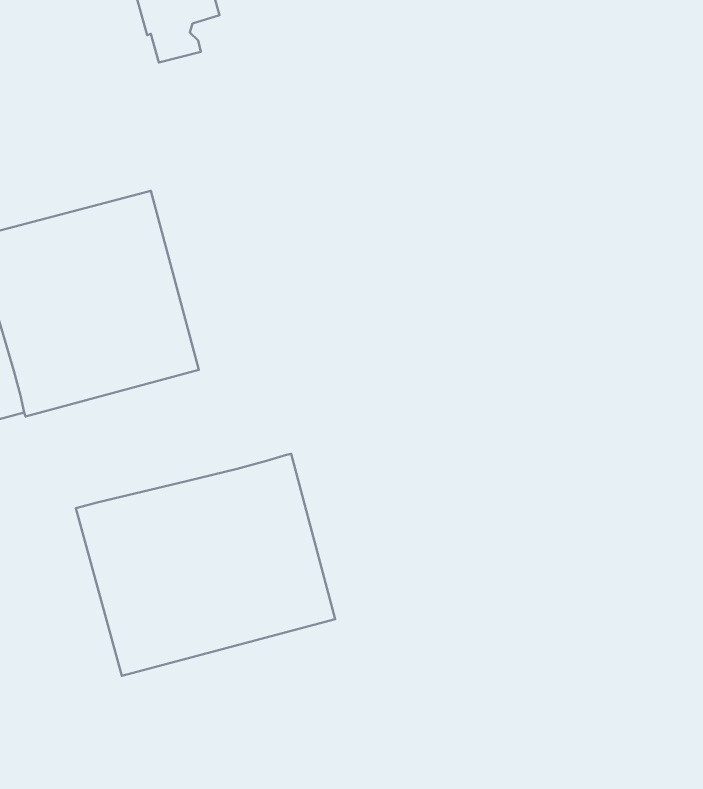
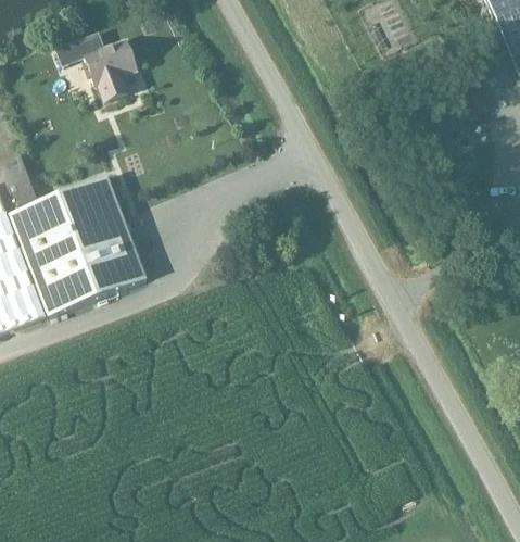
building: [76,454,335,676] -> none

